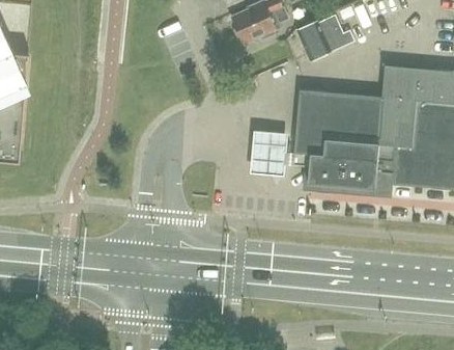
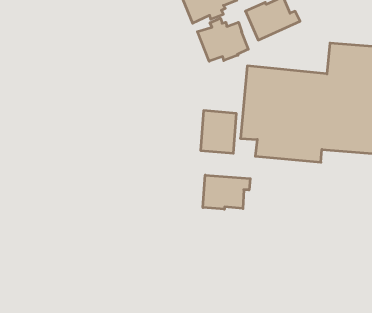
building: none -> [197,18,248,61]
building: none -> [203,175,250,209]

